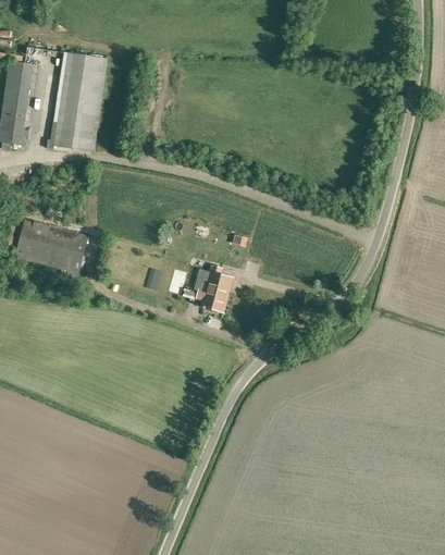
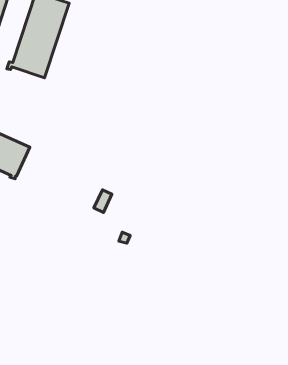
building: [196,266,231,312] -> none

